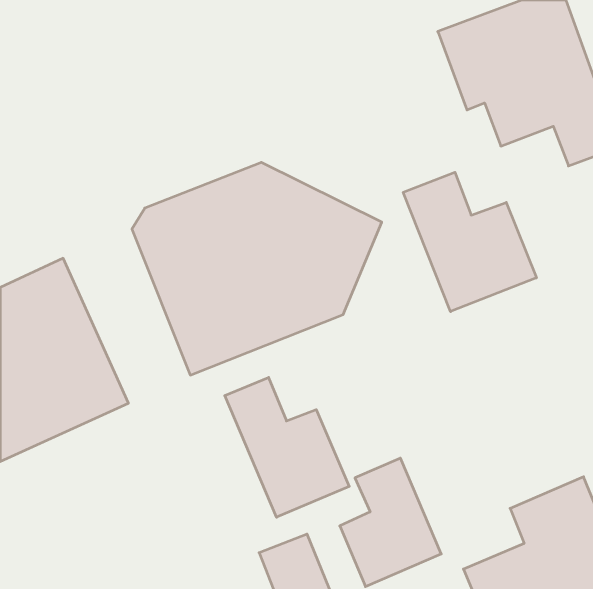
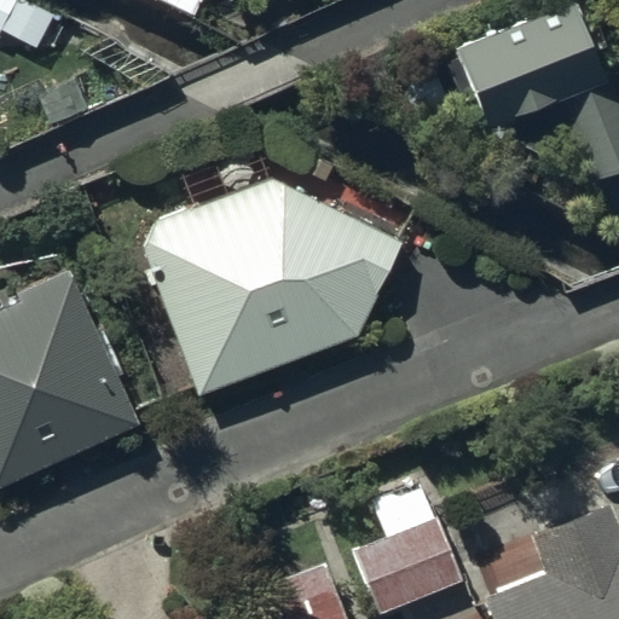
building: [403,172,536,312] -> none
building: [225,377,349,517] -> none

